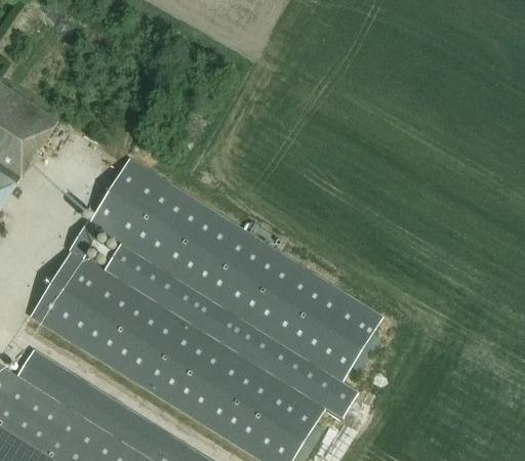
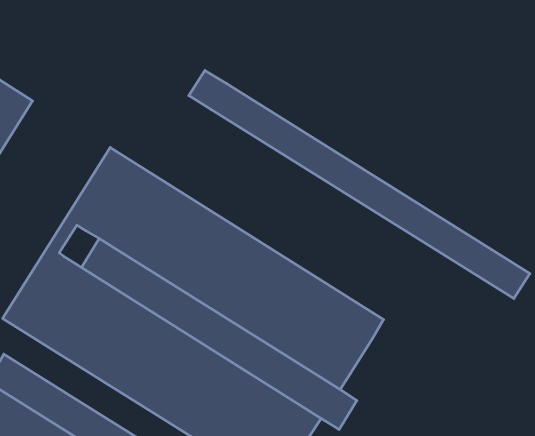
building: none -> [189,70,530,299]

